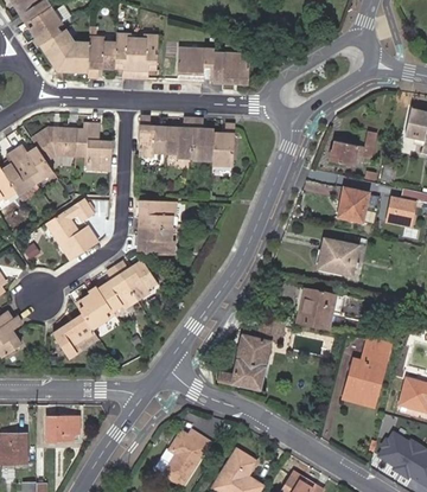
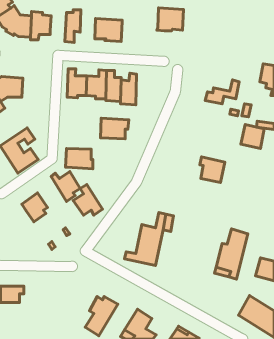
building: [115,33,138,78] -> none
building: [212,51,249,83] -> [157,8,183,31]
building: [76,123,111,170] -> none
building: [338,189,368,222] -> none
building: [138,199,177,228] -> [100,118,129,139]
building: [97,266,138,308] -> [73,184,102,215]
building: [297,288,336,330] -> none
building: [51,313,98,357] -> none

